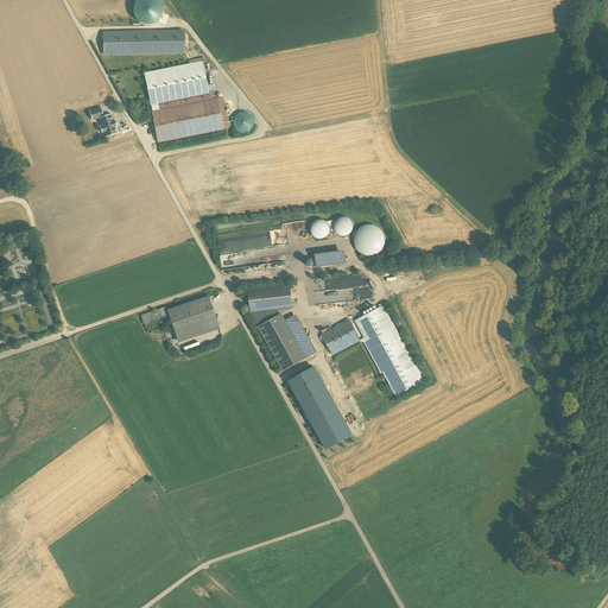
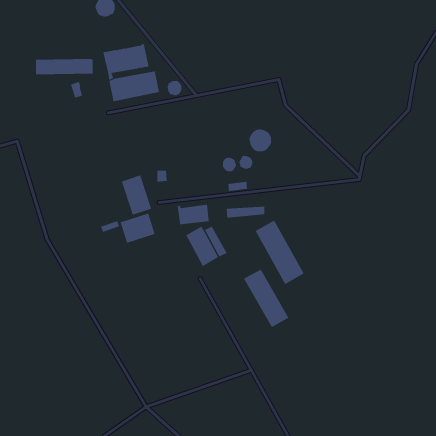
building: [102,31,183,53] -> [35,58,93,75]
building: [352,223,384,255] -> [249,129,272,152]
building: none -> [121,175,152,215]
building: [321,319,359,354] -> none
building: [287,368,352,450] -> [243,269,289,328]

